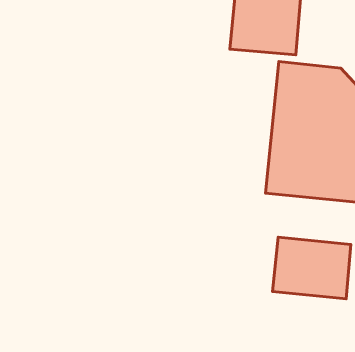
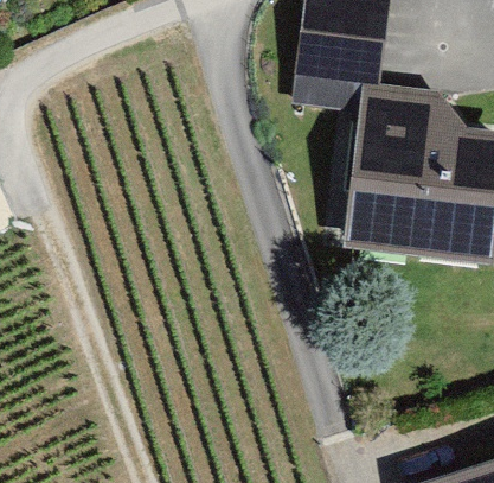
building: [272,237,351,299] -> none

